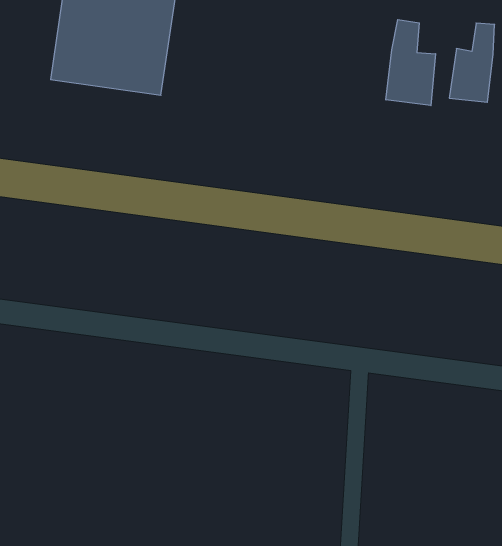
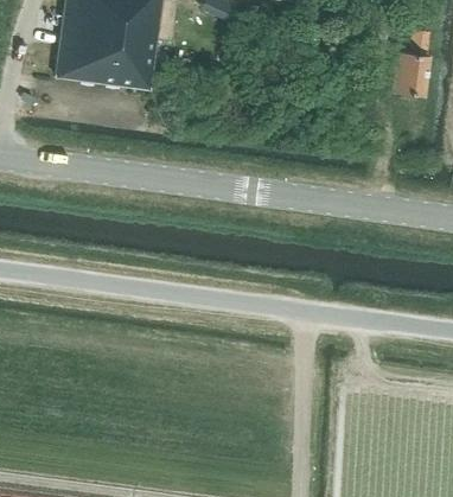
building: [386,20,436,106] -> none

